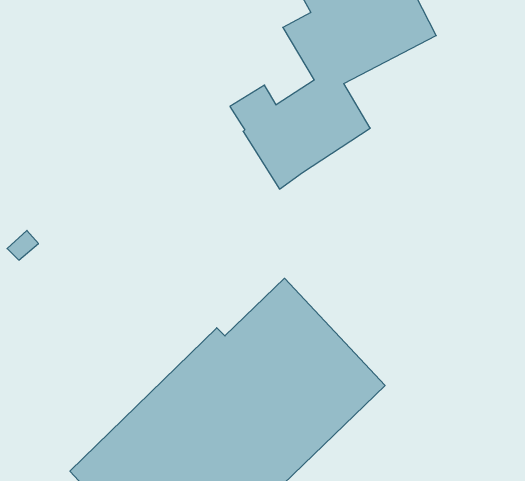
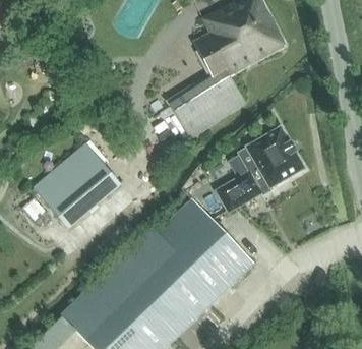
building: none -> [216,127,306,215]
building: none -> [33,143,120,230]

